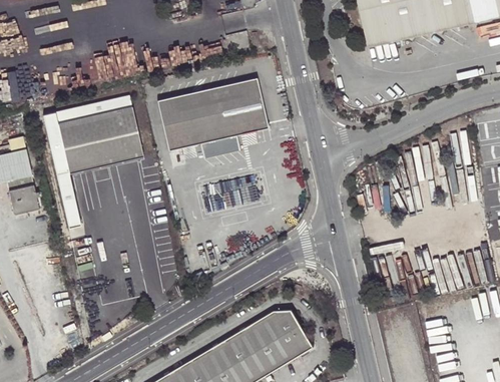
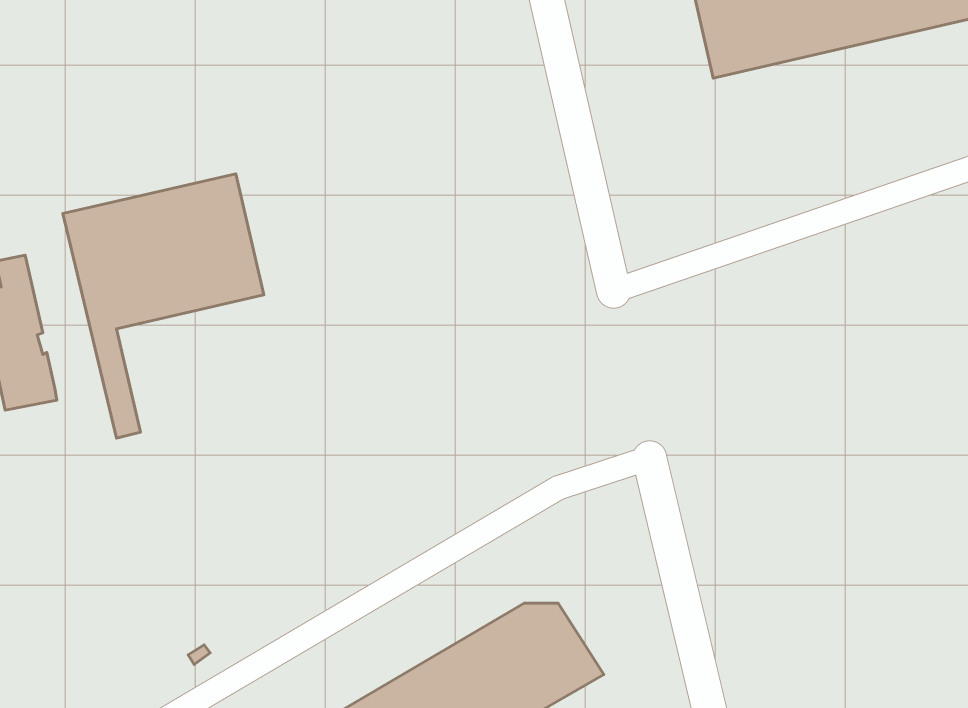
building: [157,78,267,157] -> none

